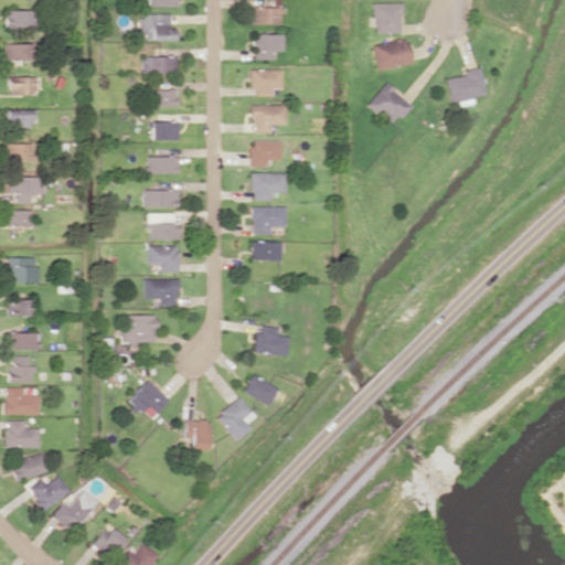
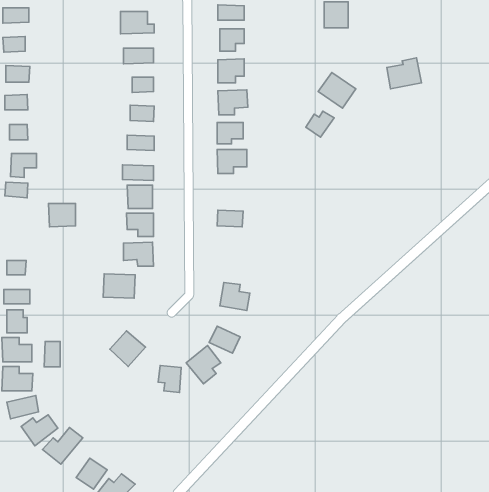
building: [373,38,413,70] -> none
building: none -> [306,111,334,137]
building: [254,206,287,234] -> none
building: [9,257,40,284] -> [48,204,75,227]
building: none -> [44,342,60,367]

